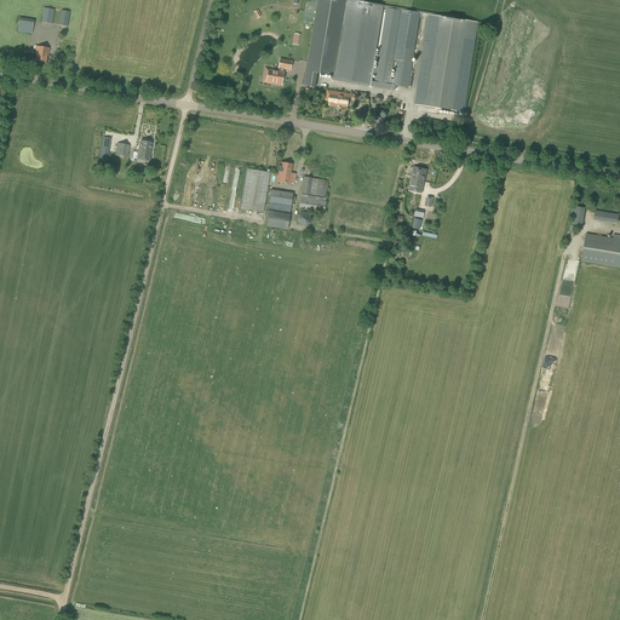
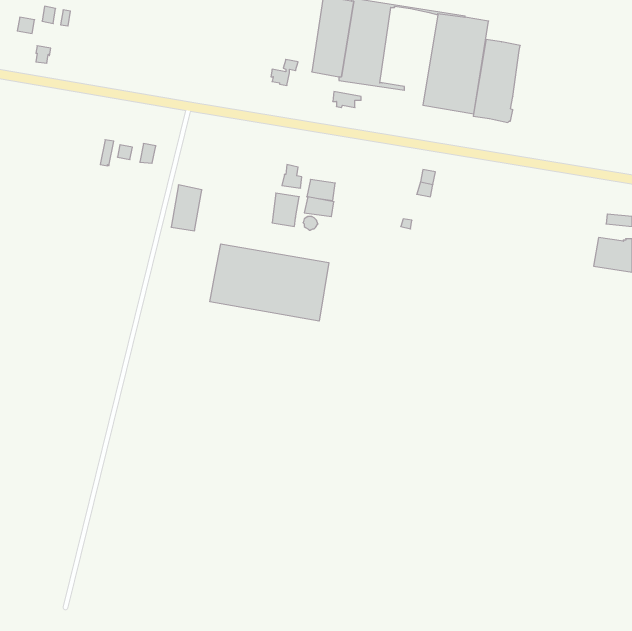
building: [374,6,420,87] -> [473,39,520,122]
building: [240,167,270,212] -> [171,185,202,231]
building: none -> [210,244,329,321]

